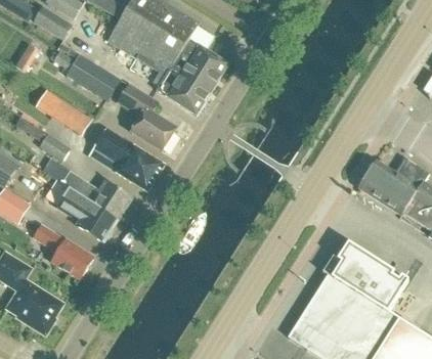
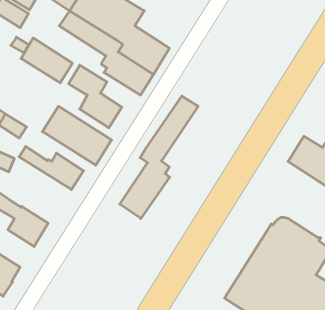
building: [50,100,92,136] -> none
building: none -> [120,96,198,219]
building: [56,182,120,241] -> none

